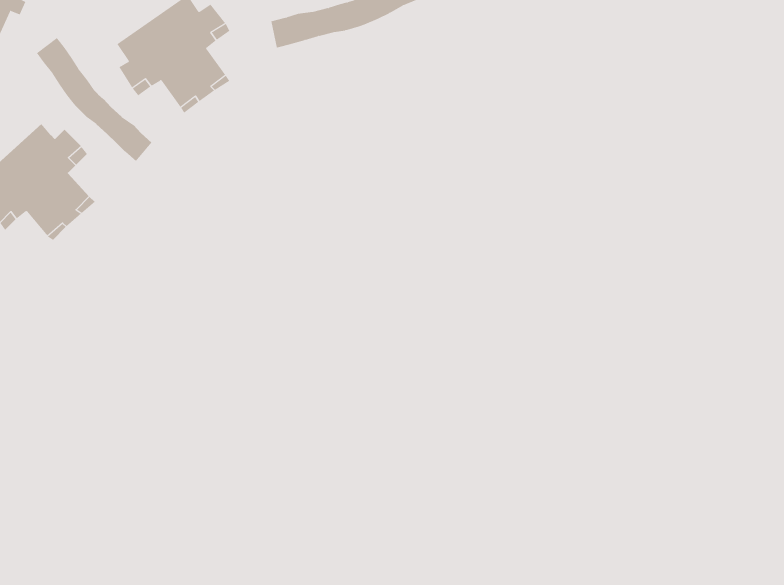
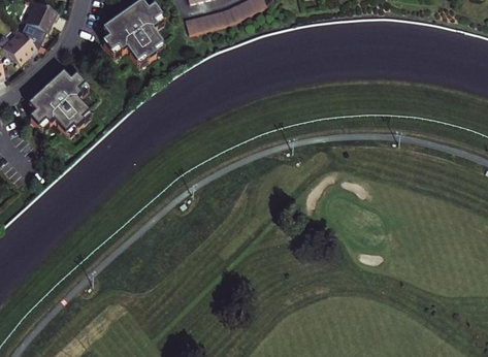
building: [36,37,152,162] -> none

